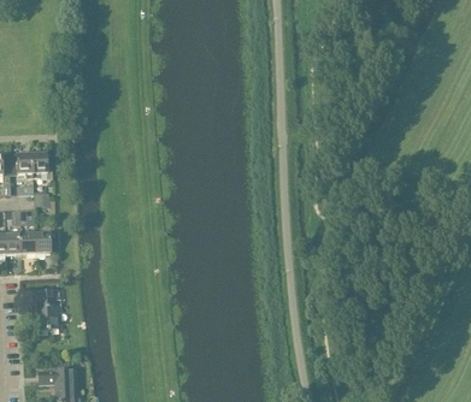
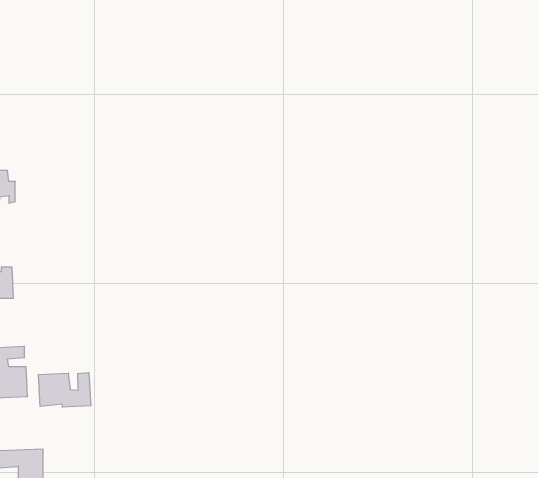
building: none -> [38,372,91,407]

